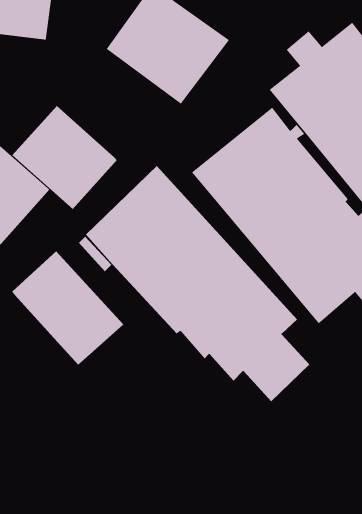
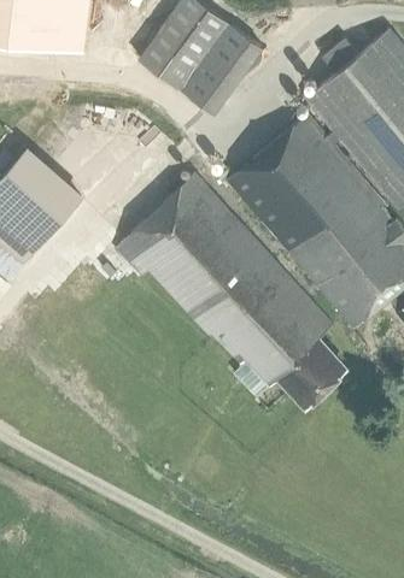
building: [11,105,117,210] -> none
building: [11,250,124,365] -> none

